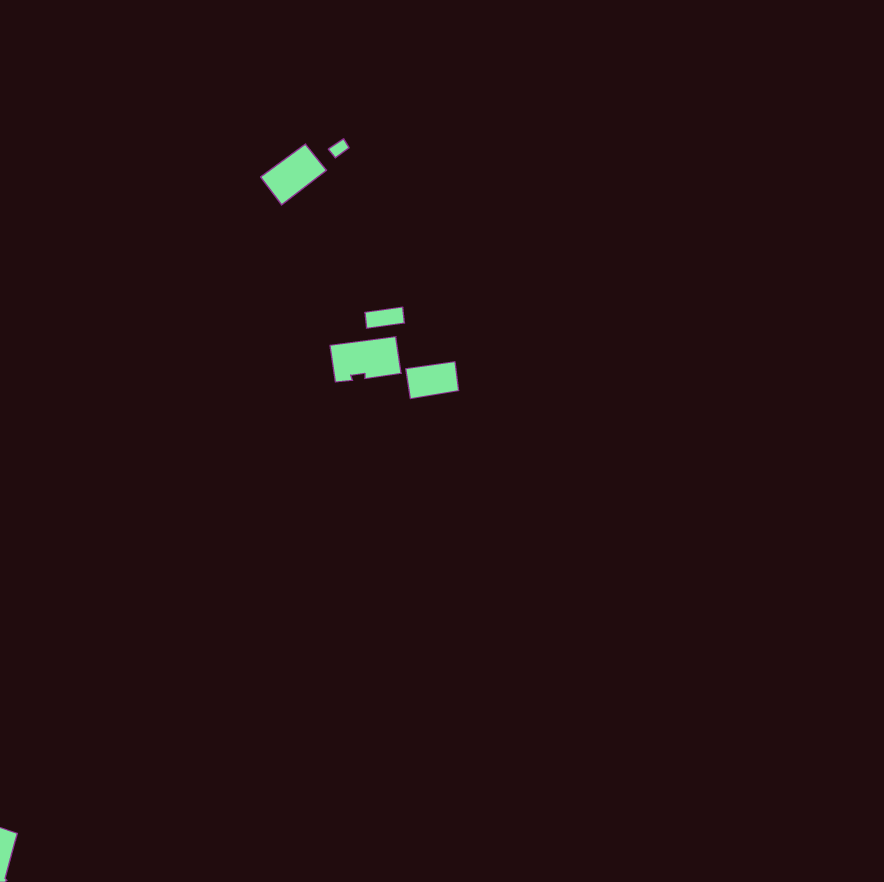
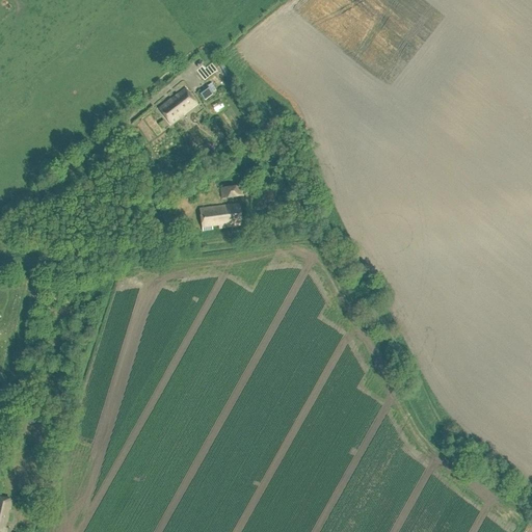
building: [406,362,458,399] -> none

